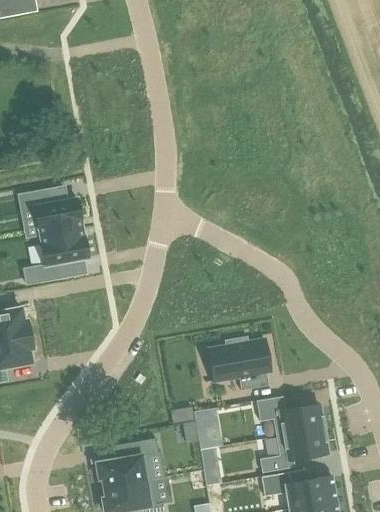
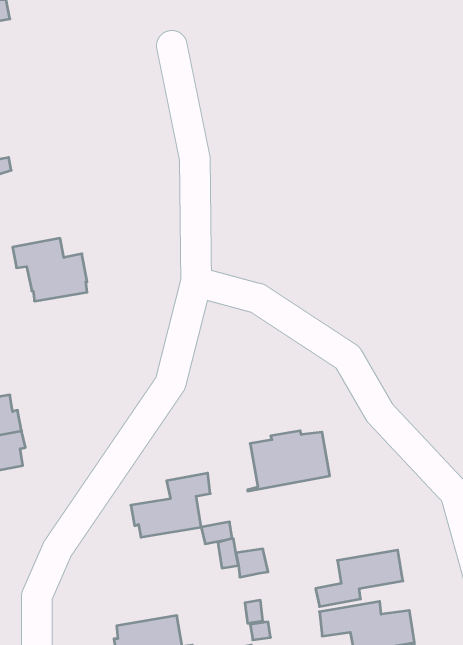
building: [36,228,88,282] -> none
building: [256,396,323,437] -> none
building: [96,438,158,488] -> [131,473,210,537]

